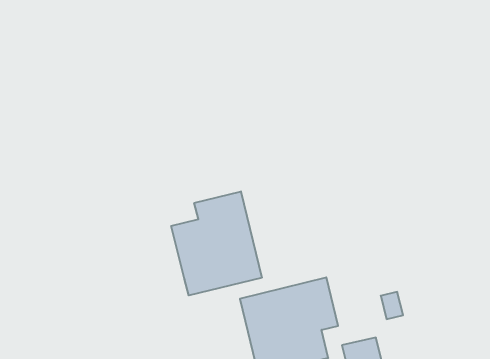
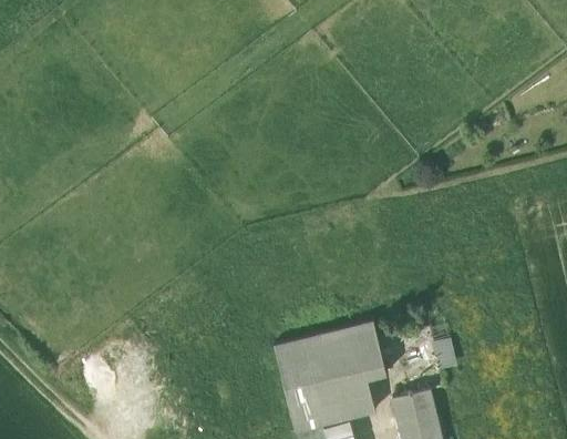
building: [171,191,262,295] -> none

